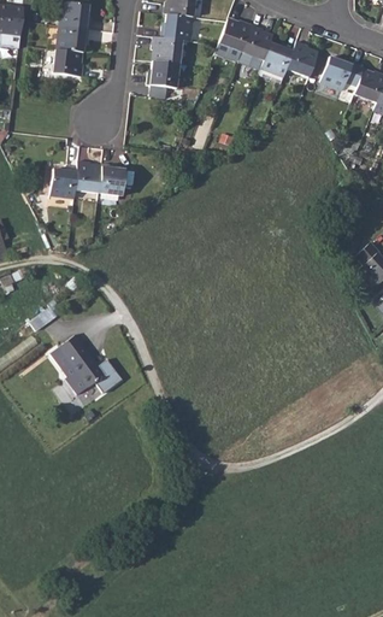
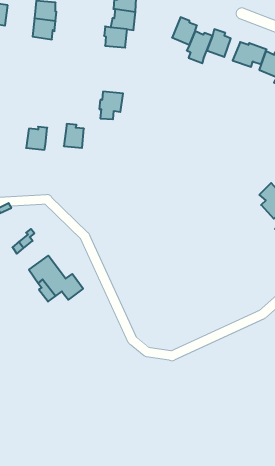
building: [218,18,252,51] -> none
building: [54,49,84,77] -> none
building: [148,61,179,98] -> [99,92,123,119]
building: [75,161,102,193] -> none

